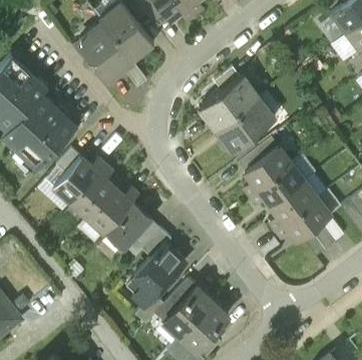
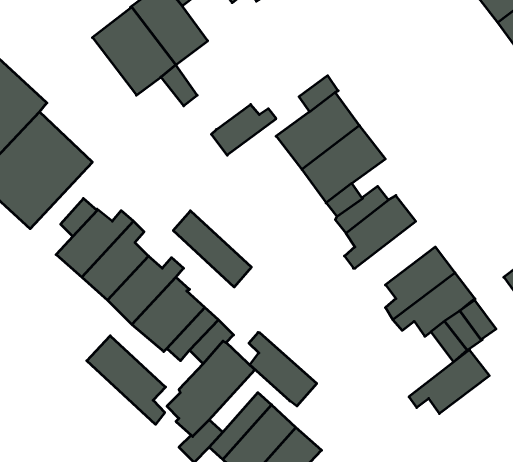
building: none -> [211,104,276,155]
building: none -> [173,211,251,287]
building: [251,164,304,207] -> [409,350,489,414]
building: none -> [249,332,317,406]
building: none -> [87,336,166,424]

